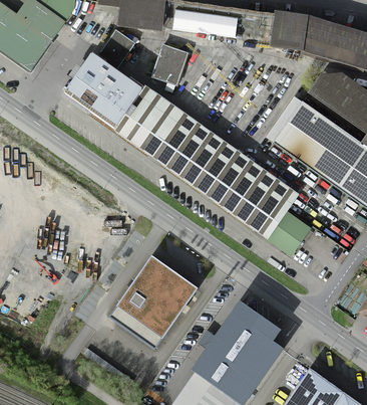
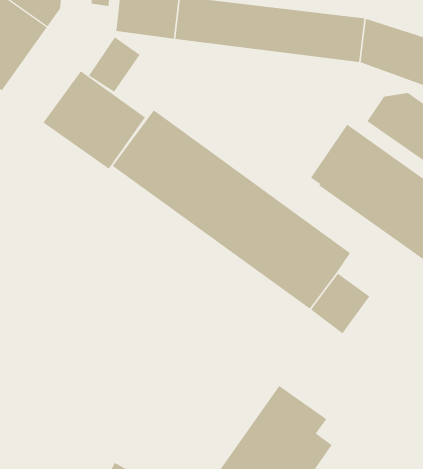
building: [150,43,189,86] -> none
building: [105,249,189,340] -> none

